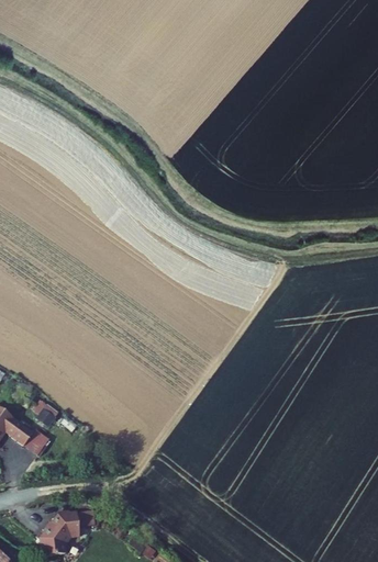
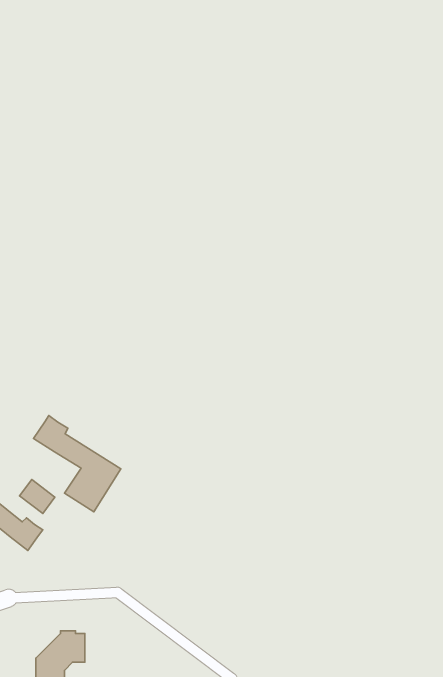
building: none -> [33,416,121,512]

